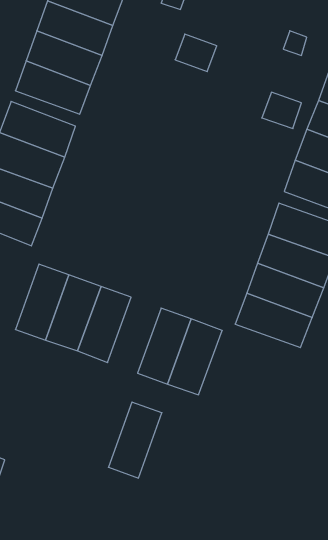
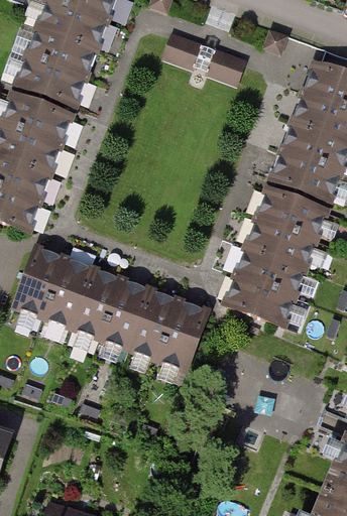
building: [262,92,301,129] -> [212,49,249,84]
building: [108,402,162,478] -> [103,280,153,352]

